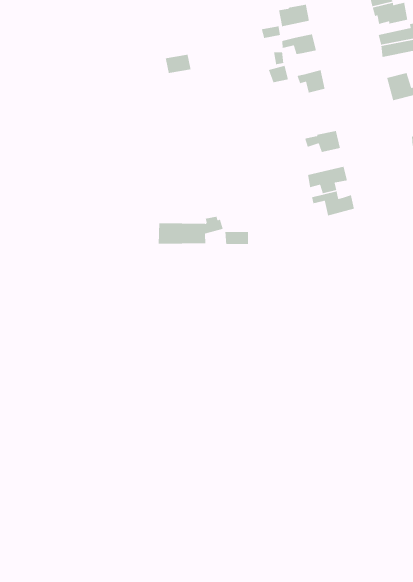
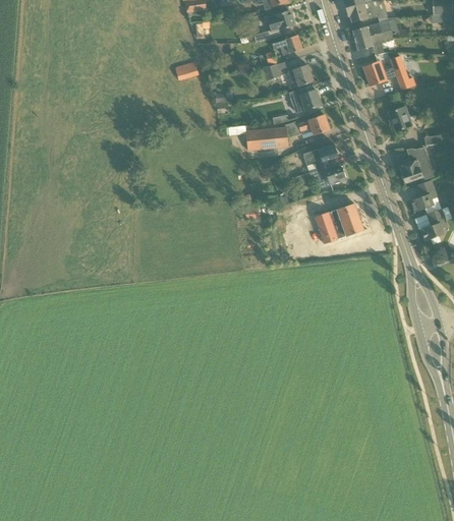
building: none -> [289,85,321,113]
building: [158,216,223,244] -> [246,122,301,151]
building: none -> [315,204,363,244]

